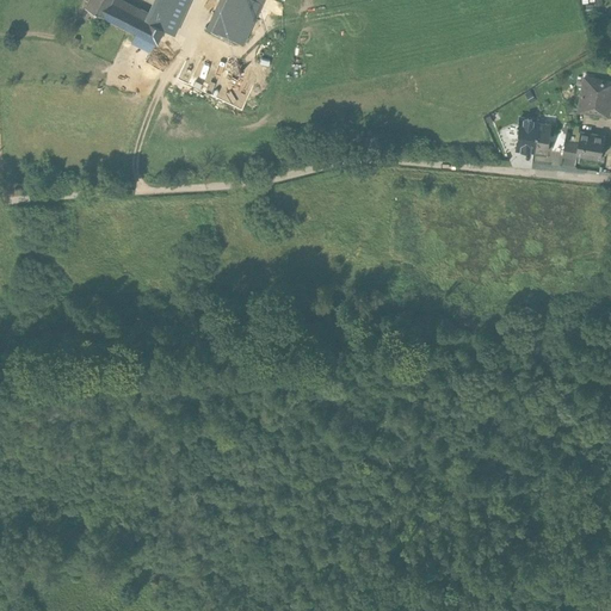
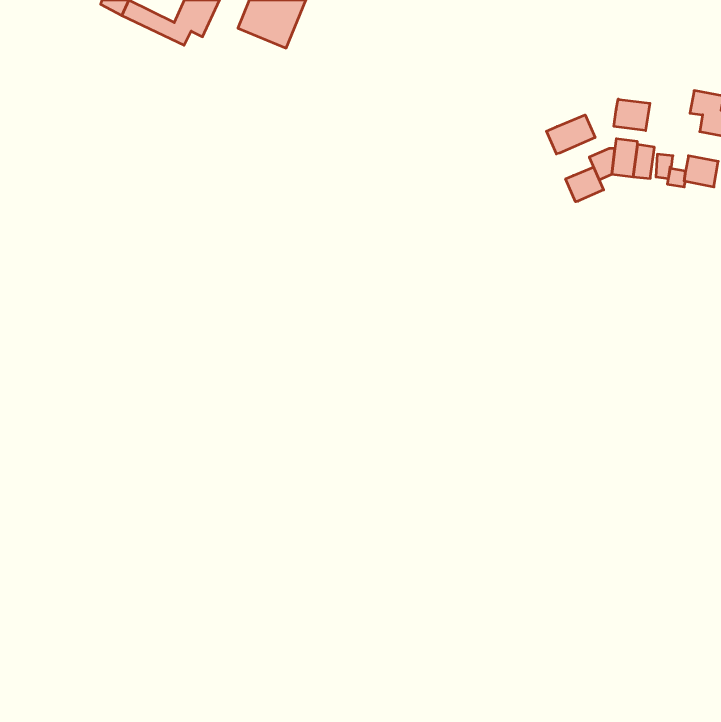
building: none -> [614,99,650,131]
building: none -> [546,115,595,154]
building: none -> [566,167,604,202]

